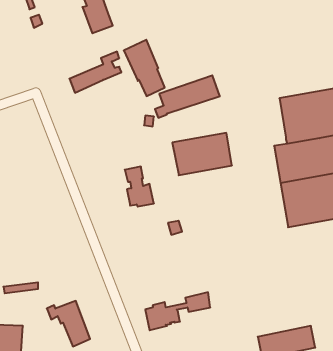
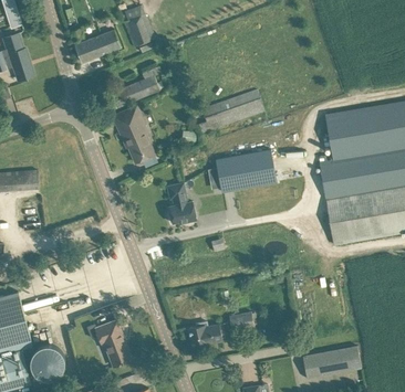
building: none -> [75,30,122,63]
building: [124,40,165,96] -> [113,106,155,163]

